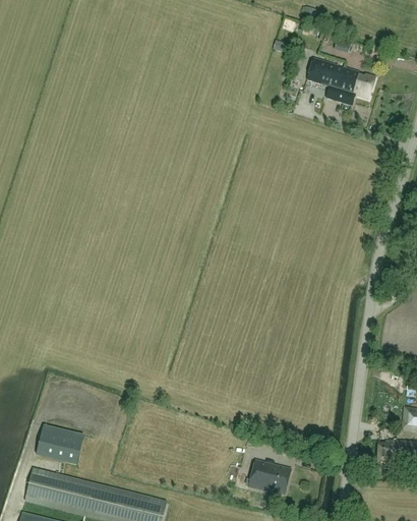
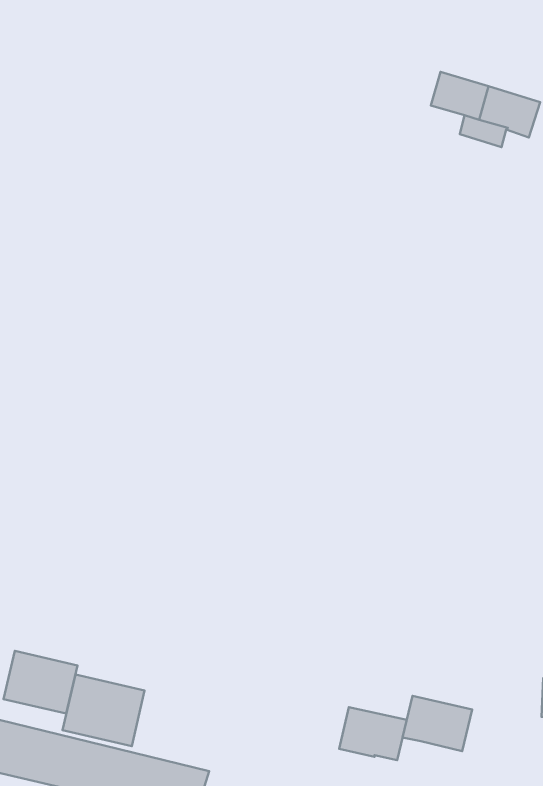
building: none -> [63,675,144,746]
building: none -> [403,696,472,751]

